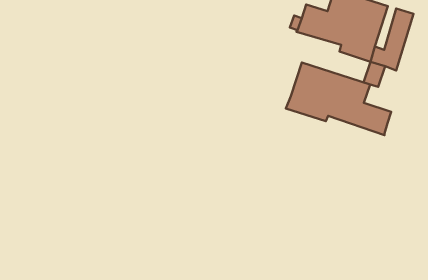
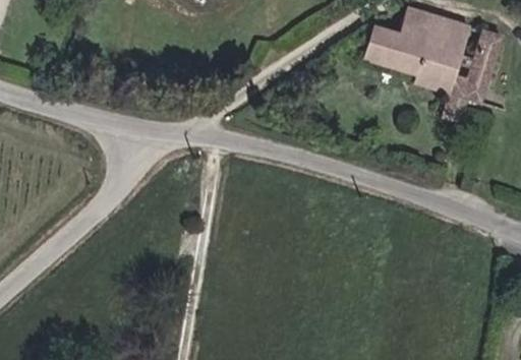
building: [286,63,391,135] -> none

